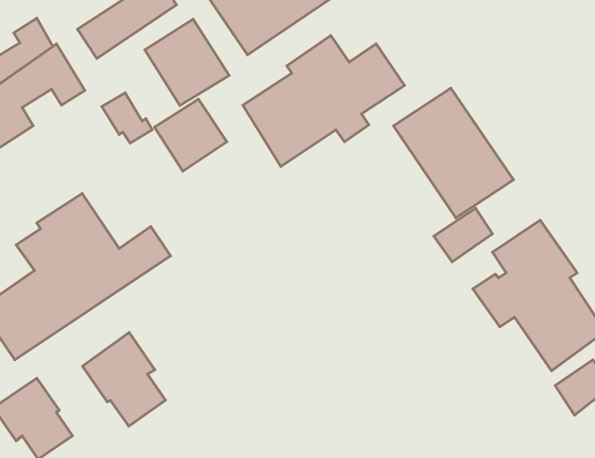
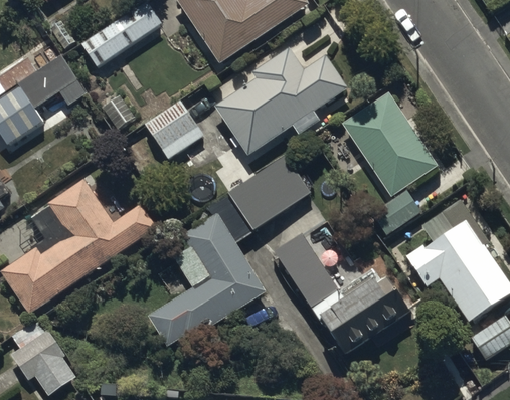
building: [145,19,229,106] -> none
building: none -> [148,155,311,347]
building: none -> [275,235,422,357]
building: [82,333,166,426] -> none

